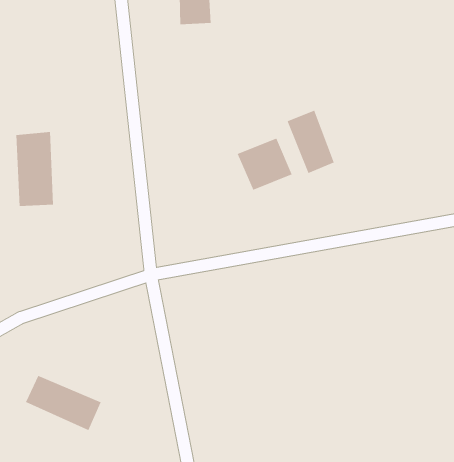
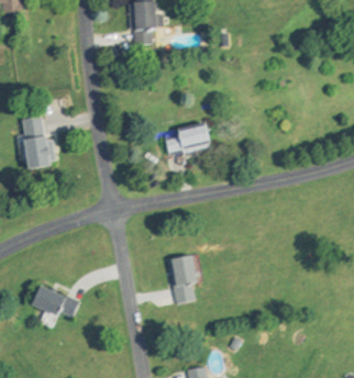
building: [287,110,334,174] -> none
building: none -> [169,254,197,302]

